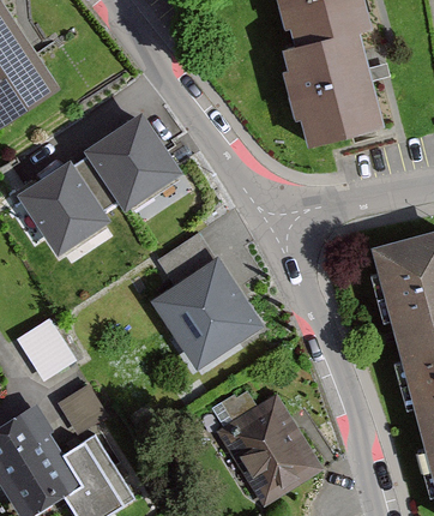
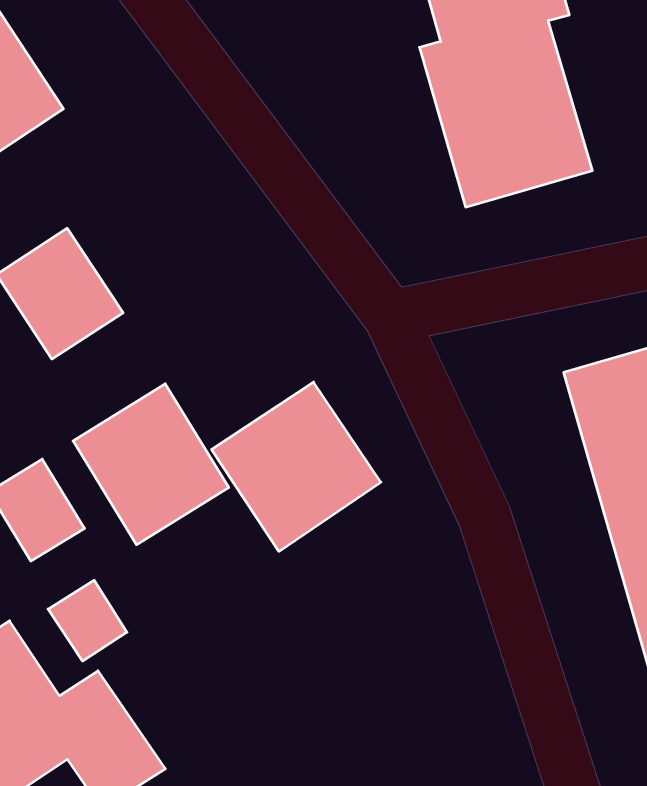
building: [84,115,169,197] -> none
building: none -> [73,384,229,545]
building: [211,396,318,506] -> none

